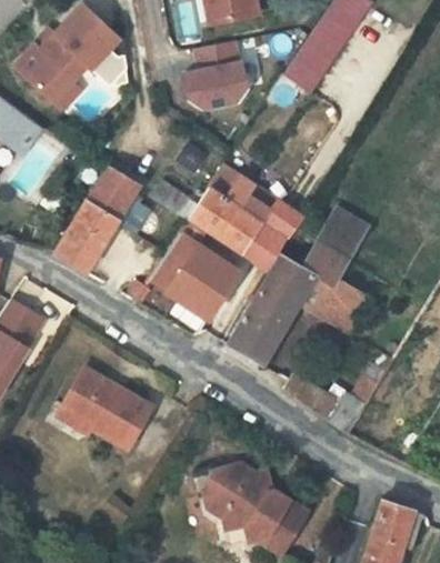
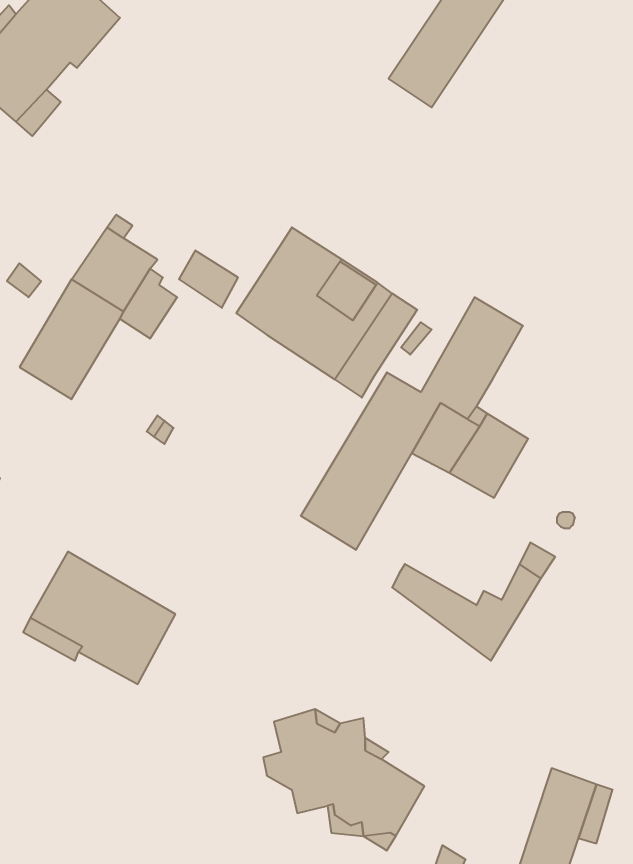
building: [184,41,247,109] -> none
building: [150,220,238,319] -> none

